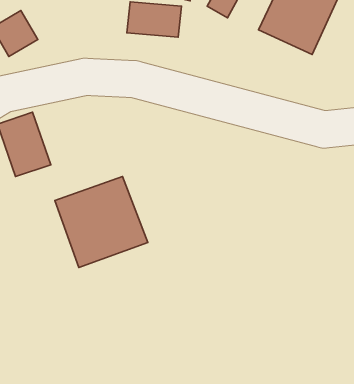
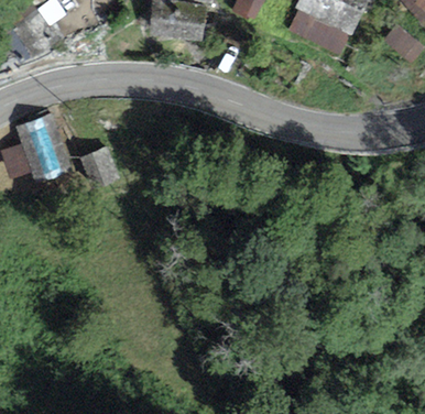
building: none -> [79,146,119,187]
building: [55,177,148,268] -> none

